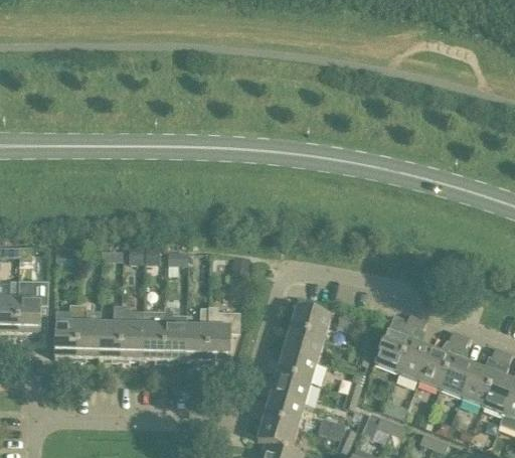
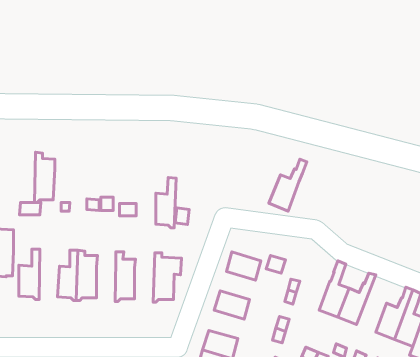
building: [76,303,100,360] -> [35,152,55,203]
building: [185,306,208,363] -> [156,177,176,228]
building: [142,310,164,362] -> none
building: [373,313,416,372] -> [269,159,307,211]
building: [283,328,323,360] -> none
building: [438,332,472,398] -> none
building: [270,372,310,405] -> none

